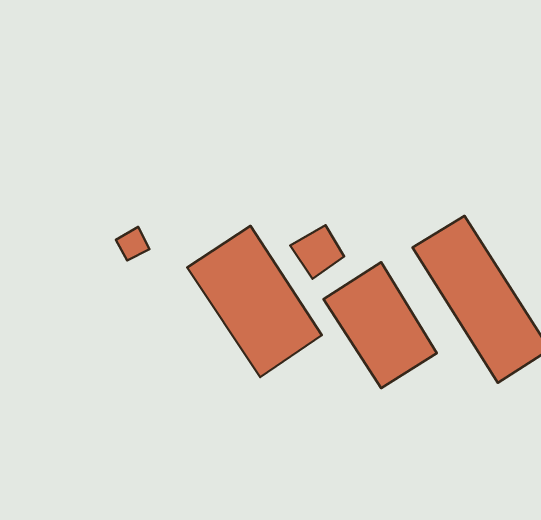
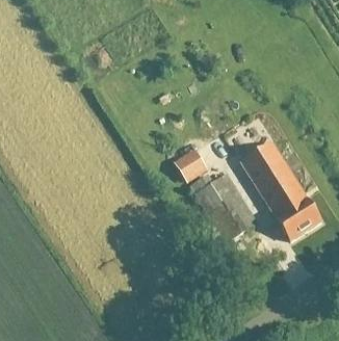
building: [187,226,322,377] -> none

